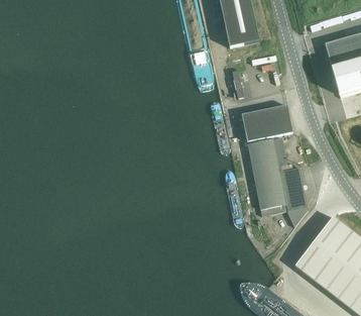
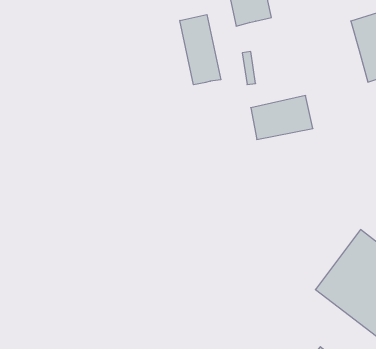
building: none -> [180,15,221,85]
building: [248,136,308,225] -> none

